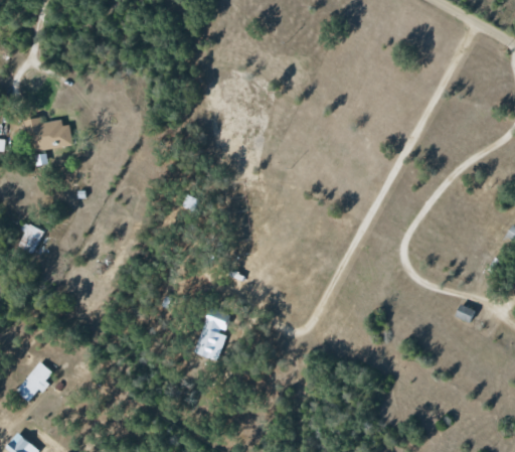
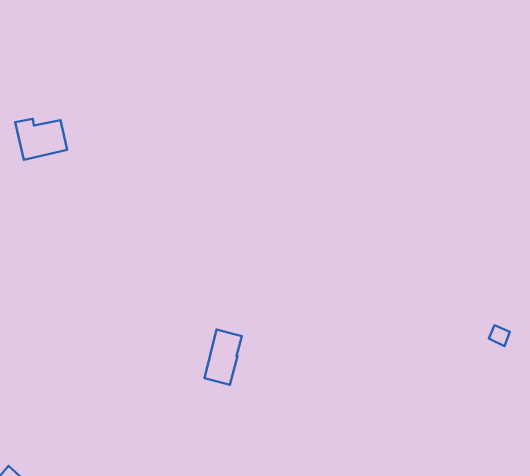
building: [16,222,44,254] -> none
building: [17,361,53,403] -> none

